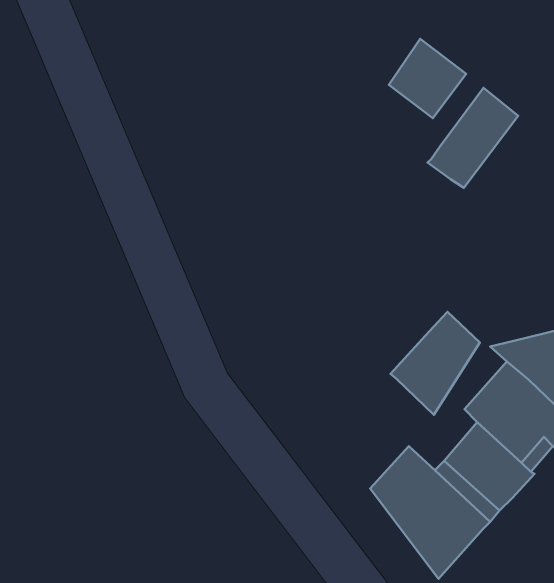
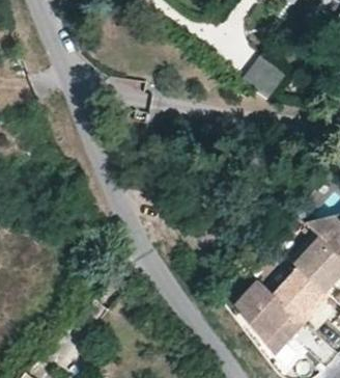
building: [427,88,518,188] -> none
building: [391,312,480,415] -> none

